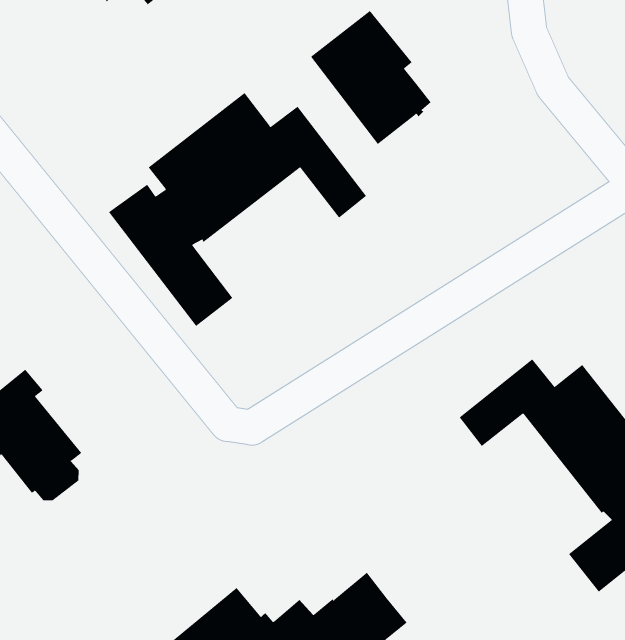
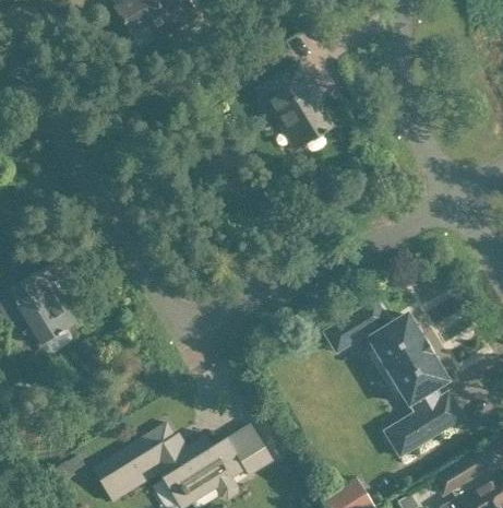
building: [108,92,367,327] -> none

